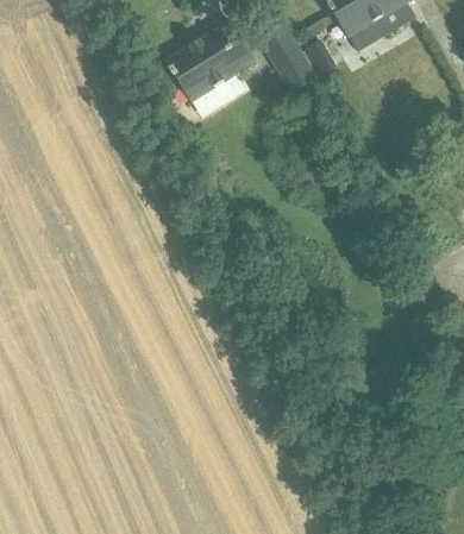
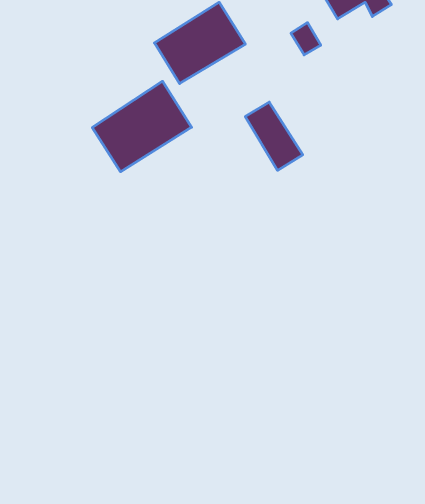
building: [258,26,315,94] -> [245,102,303,170]
building: none -> [92,81,192,172]

